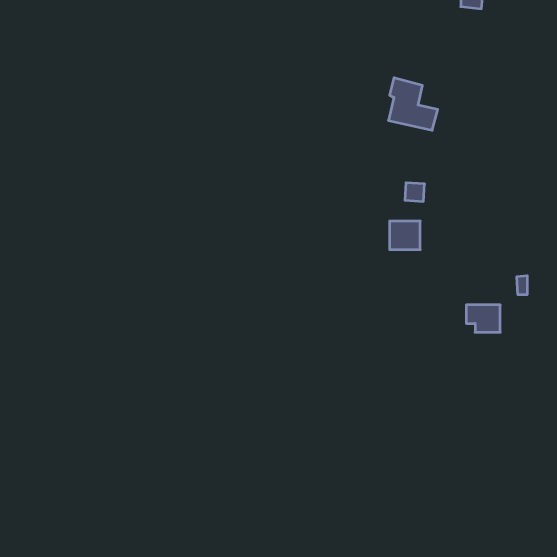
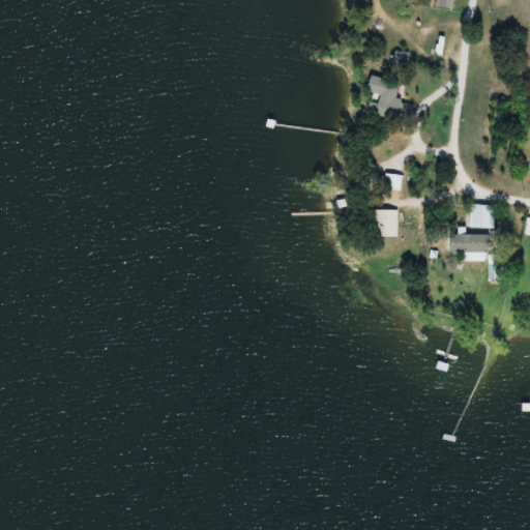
building: none -> [469,203,494,227]
building: [466,305,500,332] -> [455,234,488,260]

